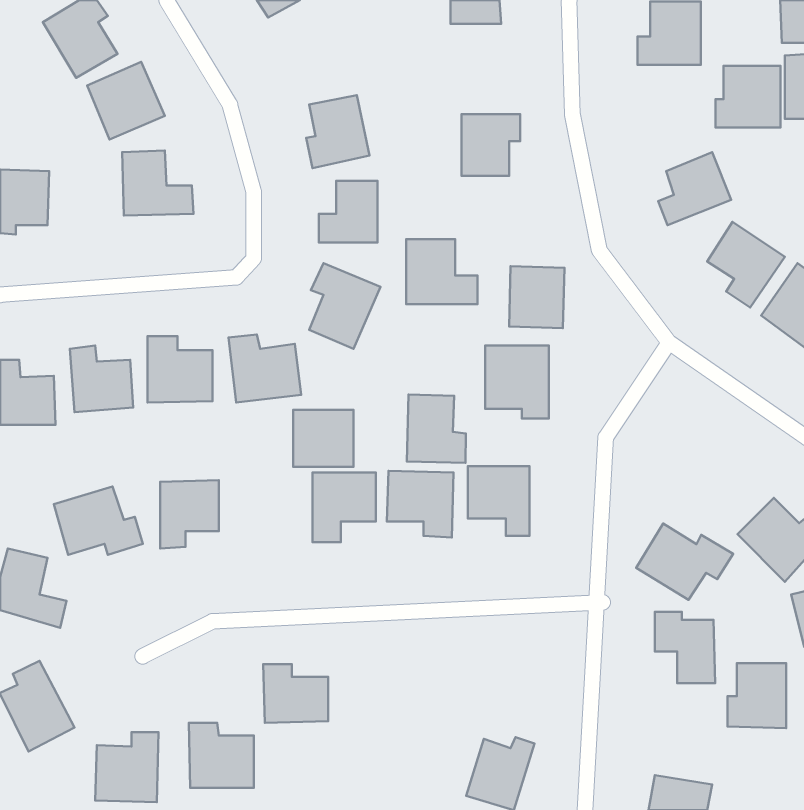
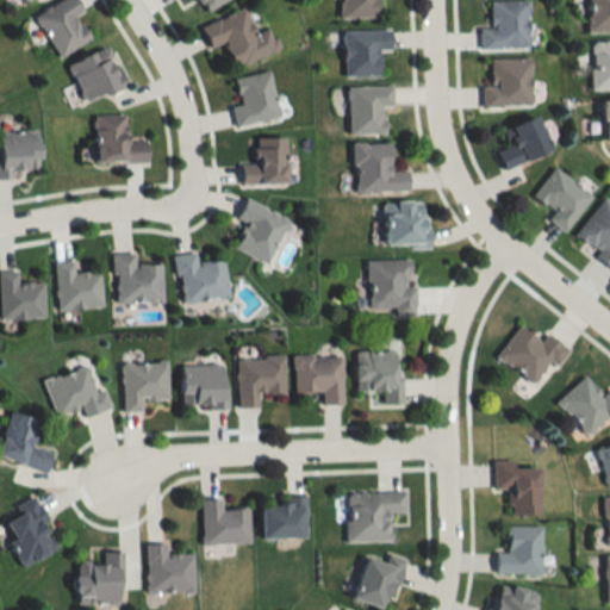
building: none -> [204,8,282,68]
building: none -> [347,30,394,75]
building: [715,66,780,128] -> [486,60,535,106]
building: [406,239,477,304] -> [356,142,410,191]
building: [407,395,466,463] -> none
building: [293,410,354,467] -> [182,365,228,407]
building: [636,524,733,600] -> [499,325,572,382]
building: none -> [348,491,409,542]
building: [727,663,786,728] -> [499,525,543,574]
building: none -> [263,500,307,537]

